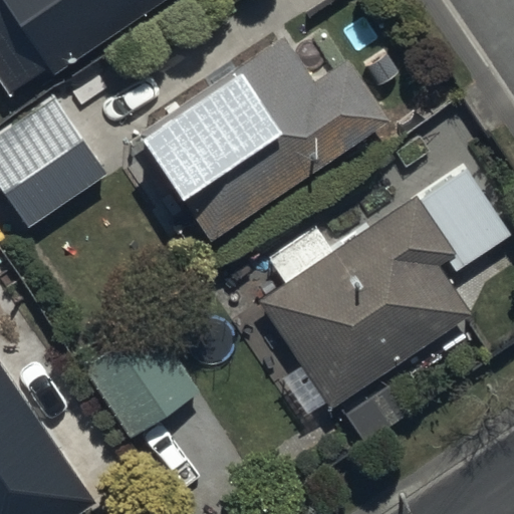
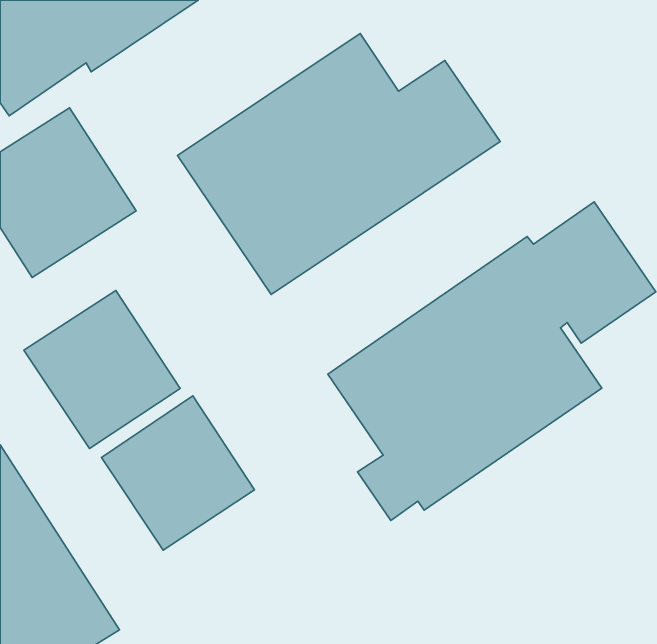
building: none -> [24,291,180,449]

